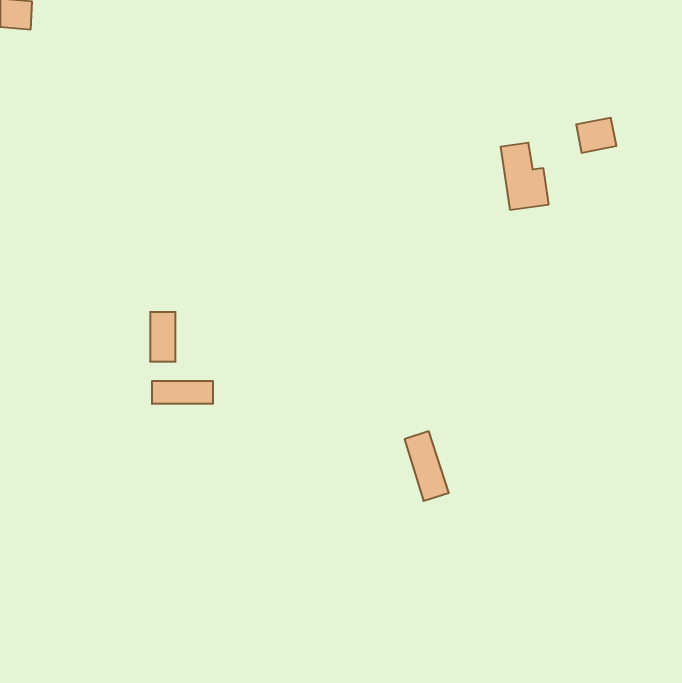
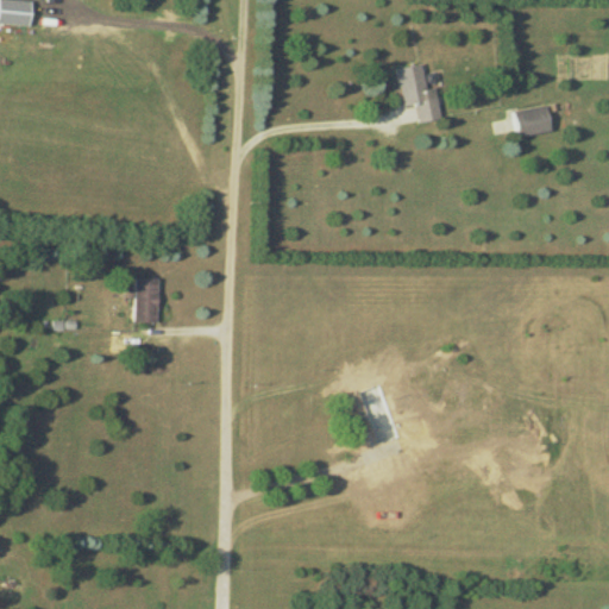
building: [501,143,549,210] -> [397,63,440,123]
building: [152,381,213,404] -> none

